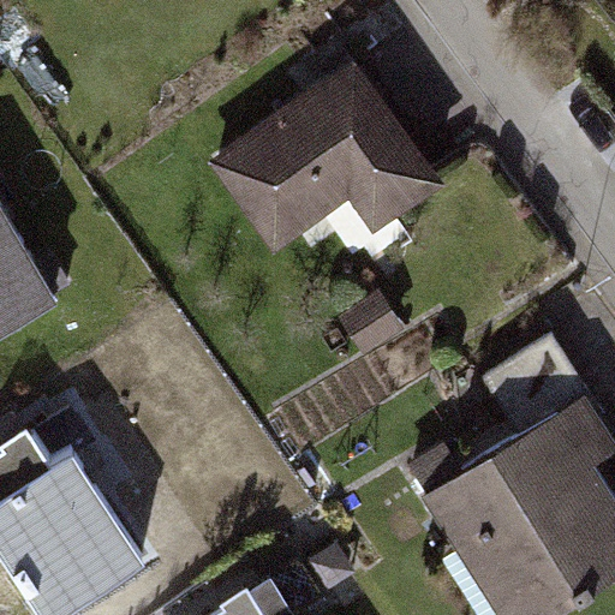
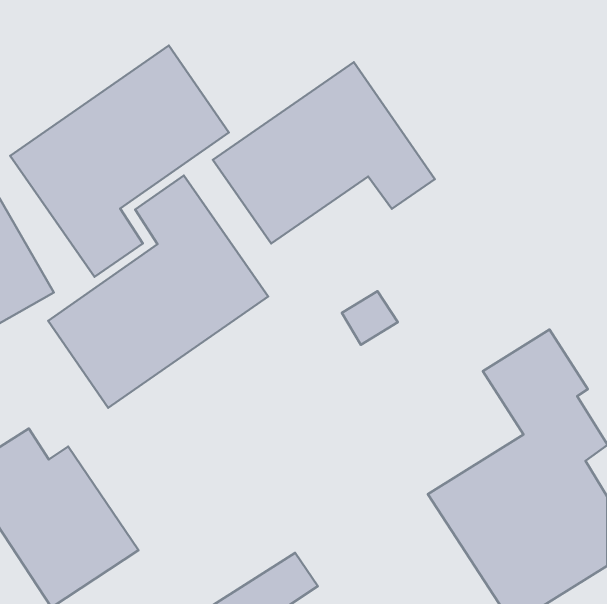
building: none -> [10,46,229,277]
building: none -> [48,176,268,408]

